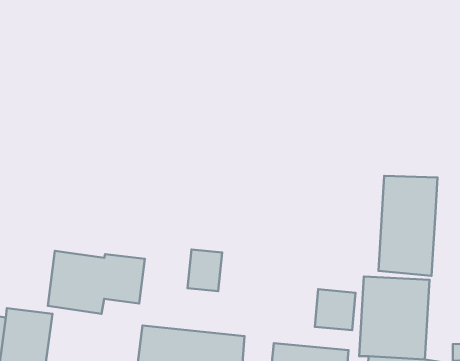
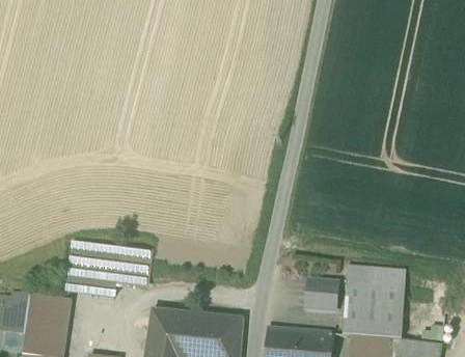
building: [379,176,437,276] -> none
building: [188,249,222,291] -> none

